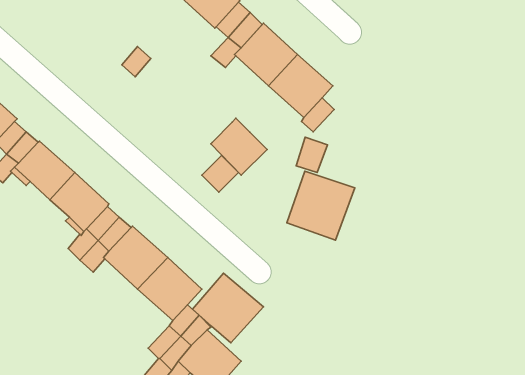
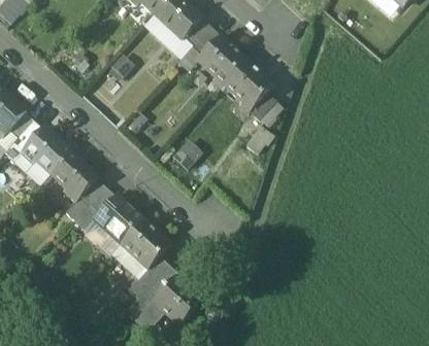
building: [211,118,267,175] -> none
building: [287,171,355,240] -> none
building: [192,273,263,343] -> none

